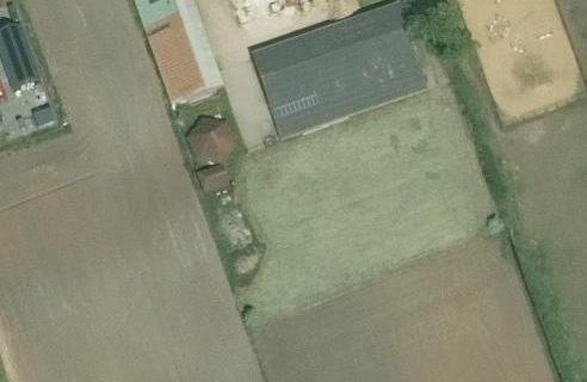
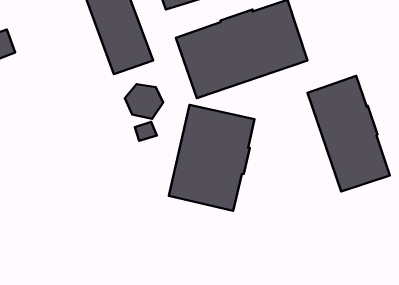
building: none -> [308,76,390,192]
building: none -> [169,105,255,211]

